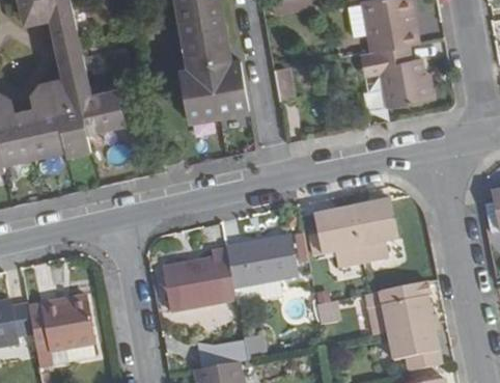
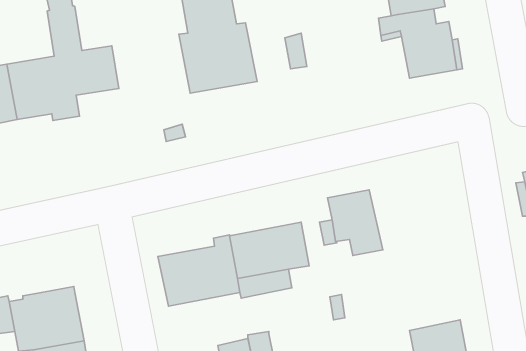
building: [349,200,394,262] -> none
building: [363,282,430,336] -> none

